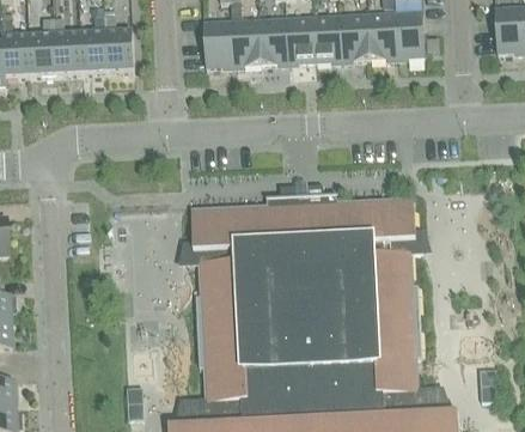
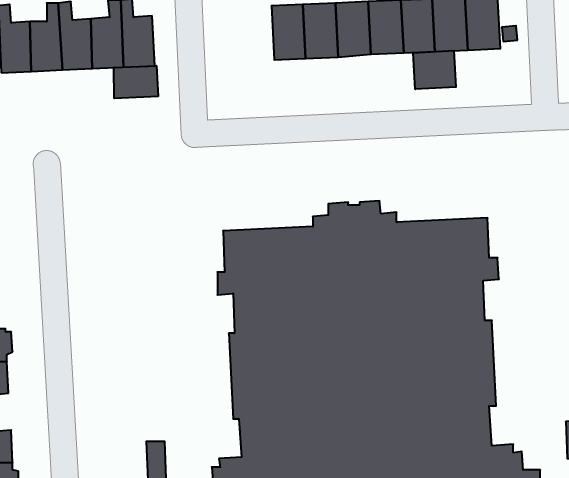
building: [203,20,234,67] -> none
building: none -> [413,51,456,89]
building: none -> [114,66,158,98]

